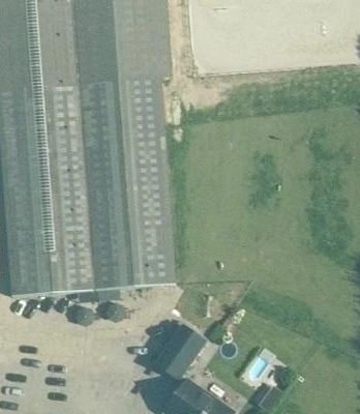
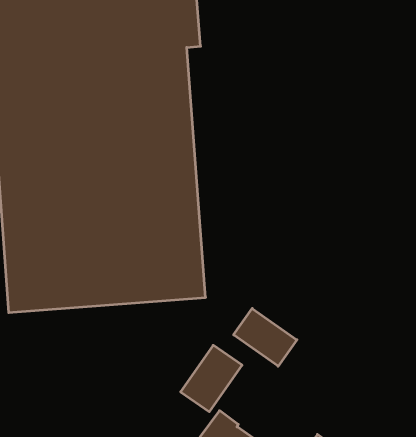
building: none -> [234,308,297,366]

